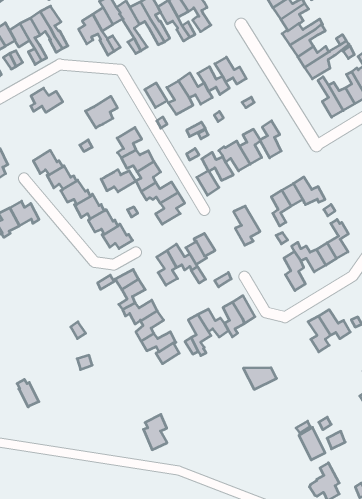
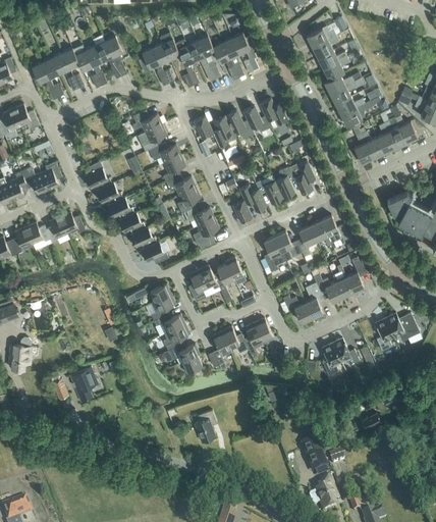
building: [31,88,63,112] -> [132,110,162,133]
building: [101,170,136,192] -> [150,143,181,163]
building: none -> [275,231,303,261]
building: none -> [283,296,313,323]
building: none -> [70,367,98,402]
building: [143,414,167,450] -> [196,411,217,442]

